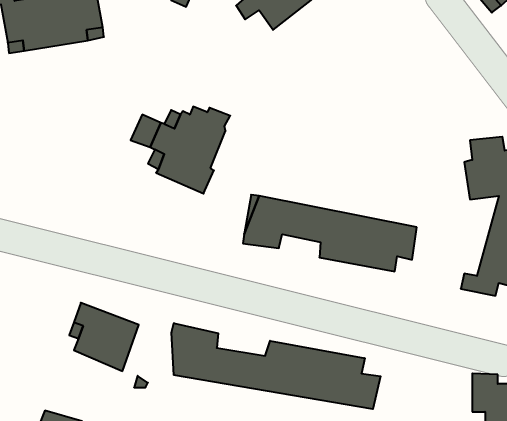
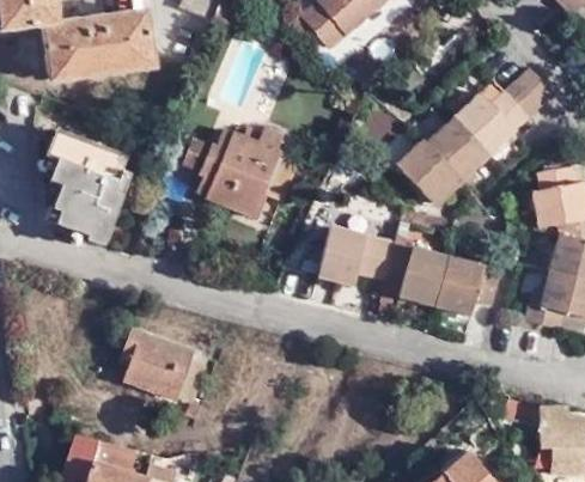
building: none -> [402,75,559,212]
building: none -> [53,126,147,238]
building: [172,323,381,409] -> none

